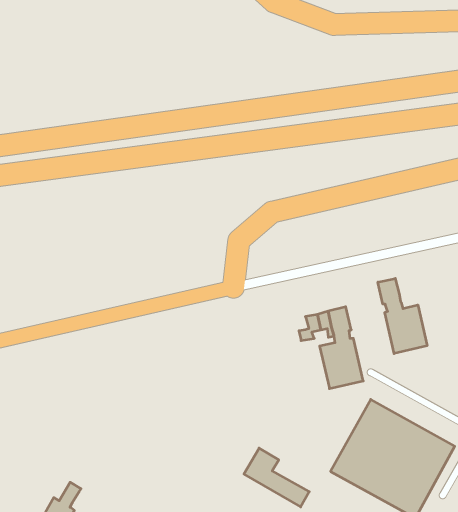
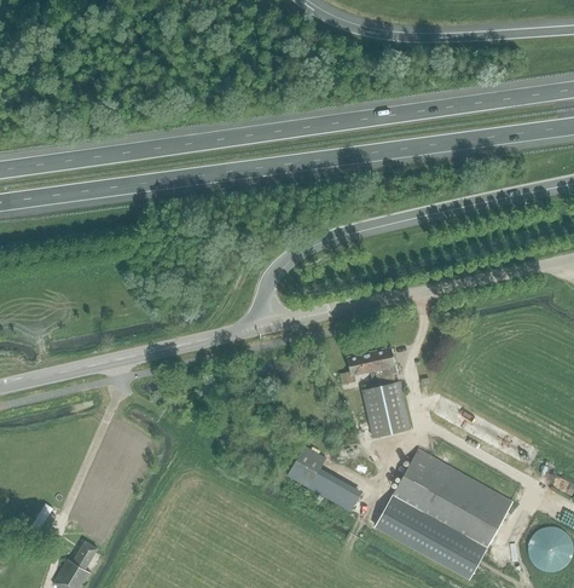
building: [378,278,427,354] -> none
building: [244,448,309,507] -> [286,445,359,511]

